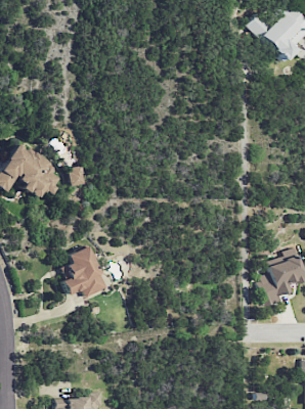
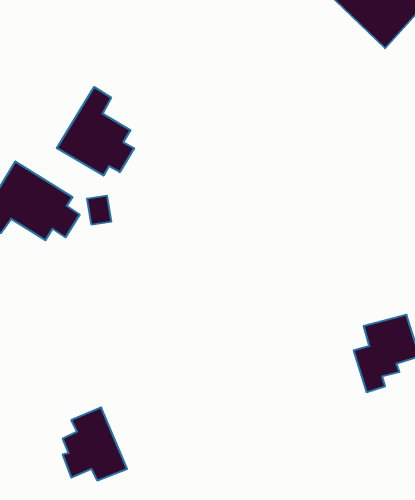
building: none -> [57,87,134,176]
building: [61,245,107,298] -> [63,407,127,480]

